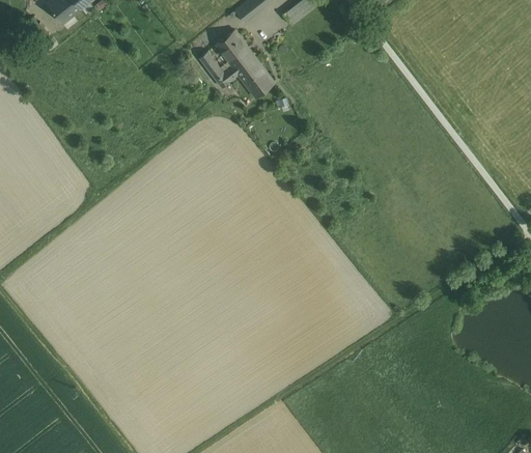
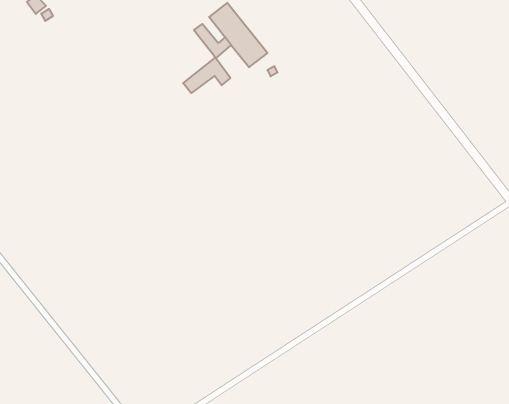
building: none -> [183,57,230,93]

